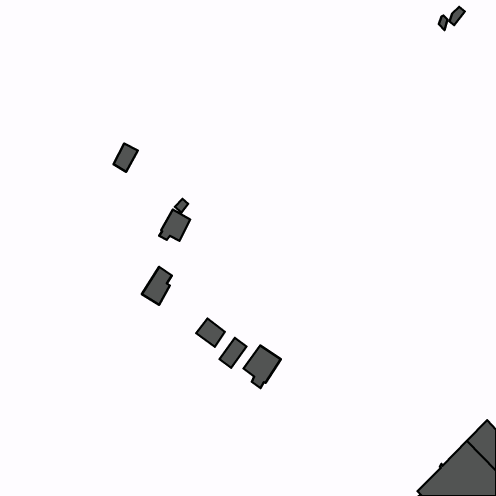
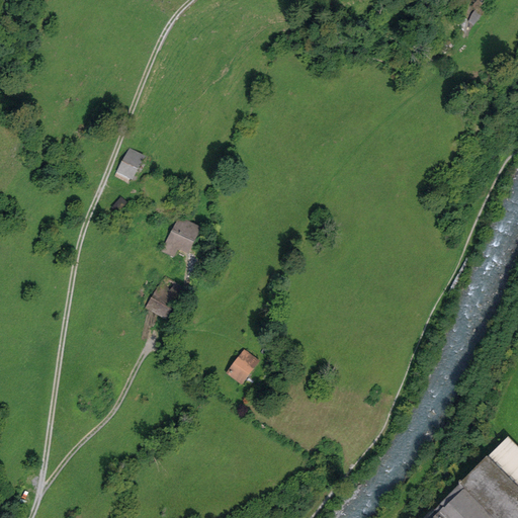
building: [196,319,225,347] -> none
building: [243,346,281,388] -> none

